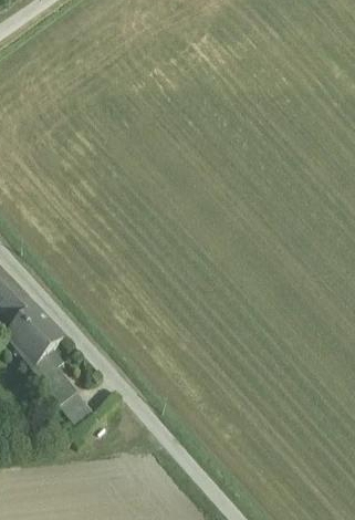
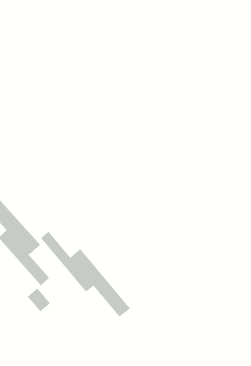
building: none -> [40,231,131,317]

